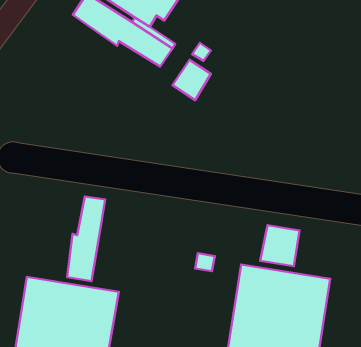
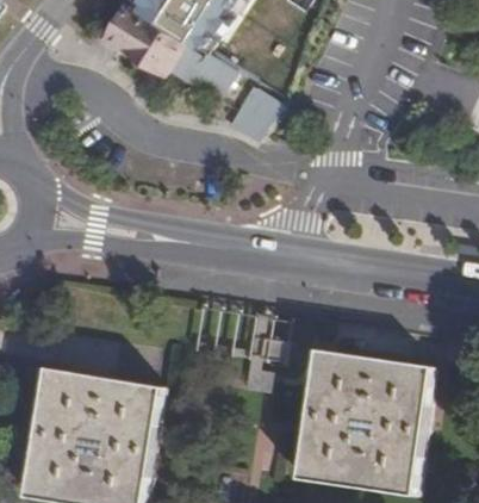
building: [67,197,105,281] -> none
building: [260,225,300,266] -> none

